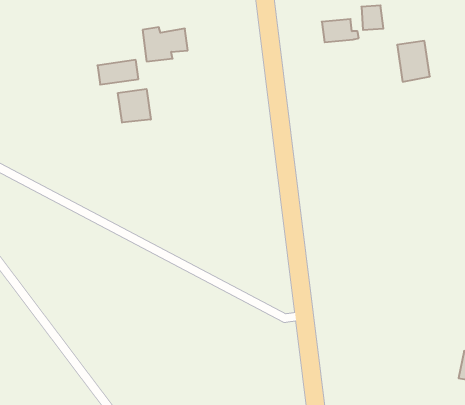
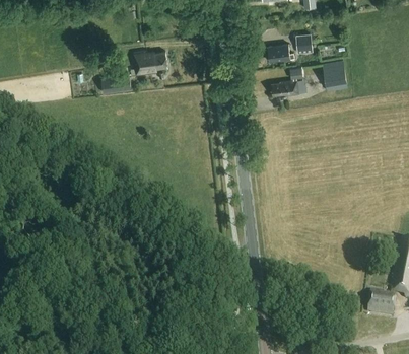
building: none -> [272,69,302,96]
building: [118,89,151,123] -> none

